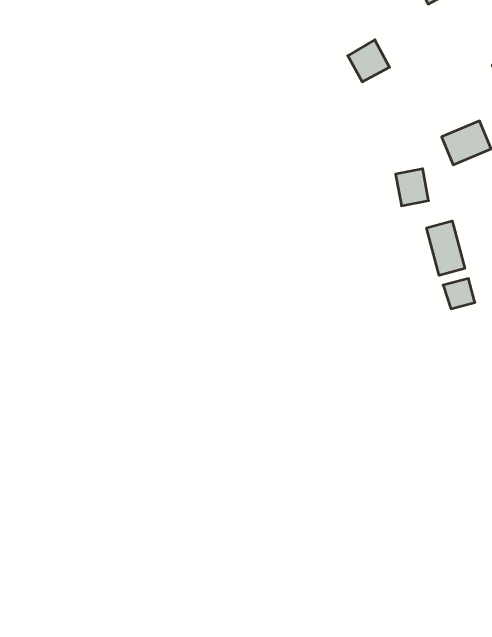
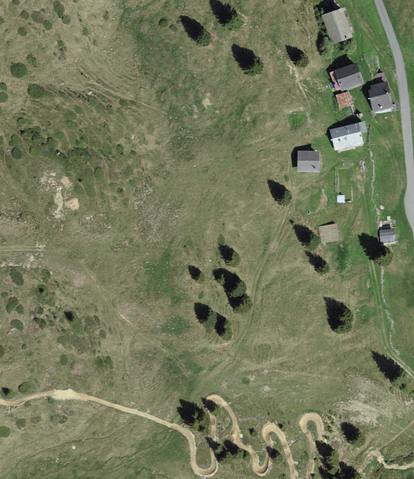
building: [348,40,390,82] -> [335,63,361,89]
building: [427,221,465,275] -> none

